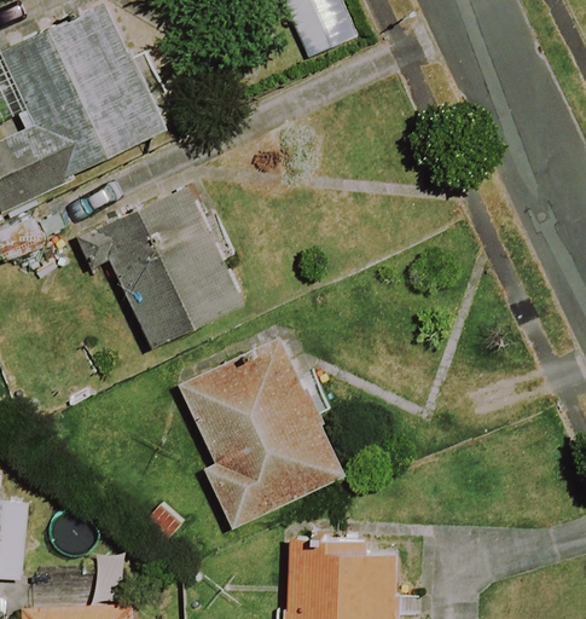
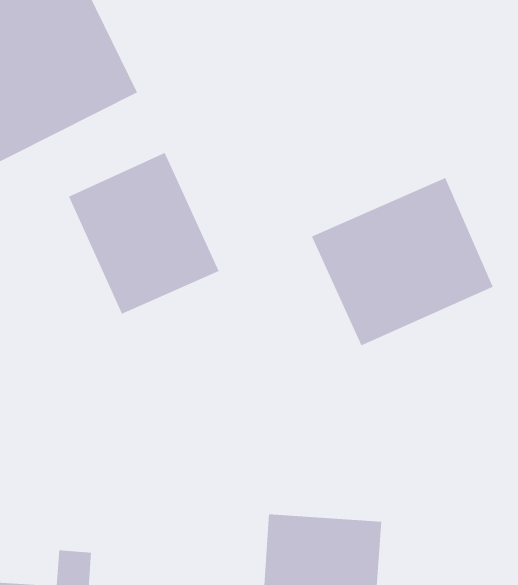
building: none -> [311,177,493,346]
building: [178,337,344,528] -> none

